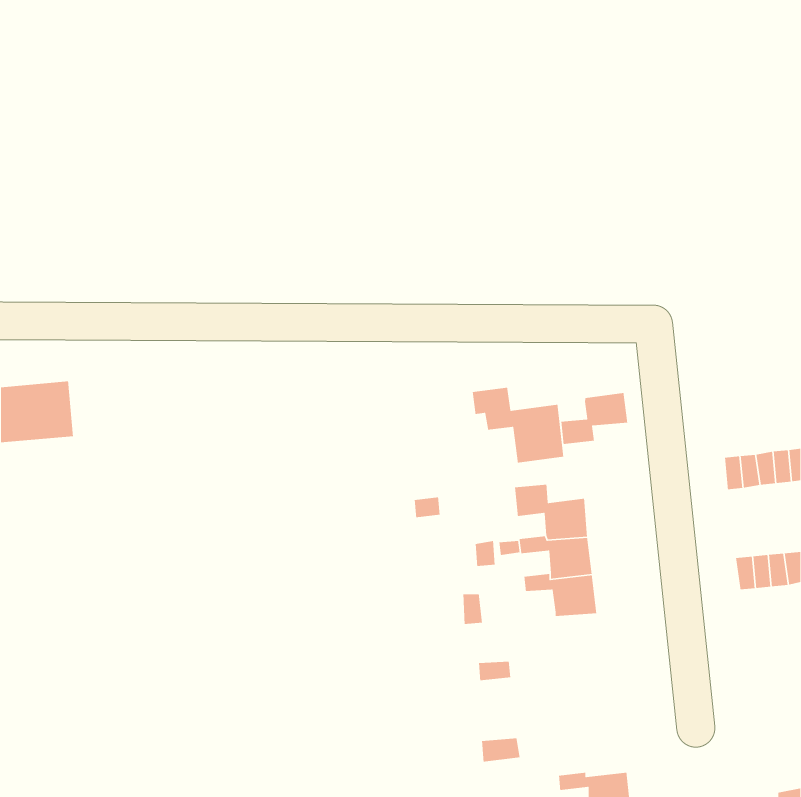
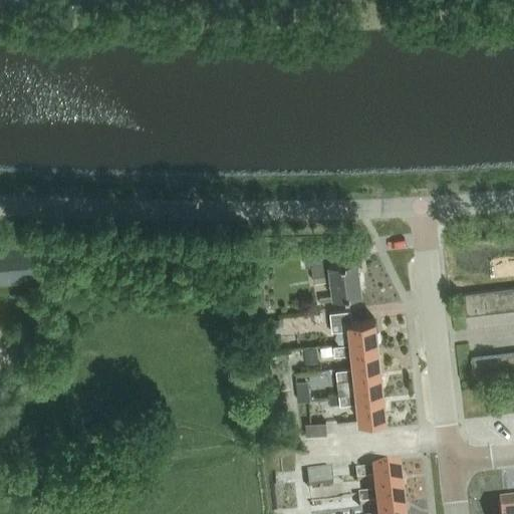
building: [561,392,628,445] -> none
building: none -> [330,395,384,424]
building: none -> [354,472,402,500]

